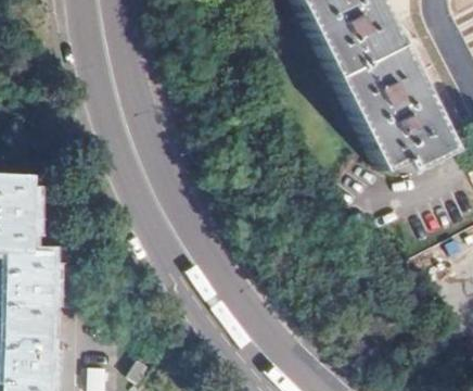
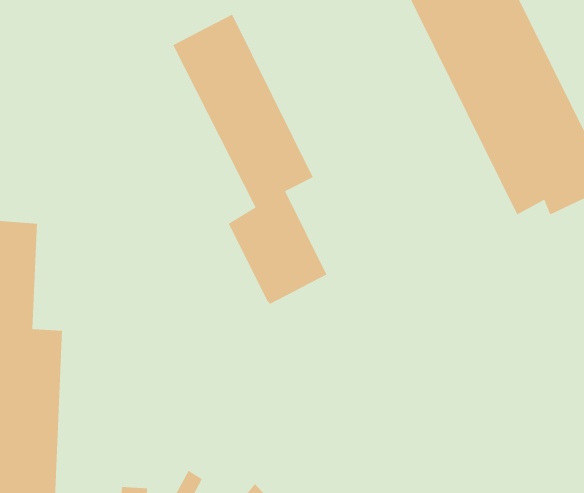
building: none -> [172,13,327,305]

